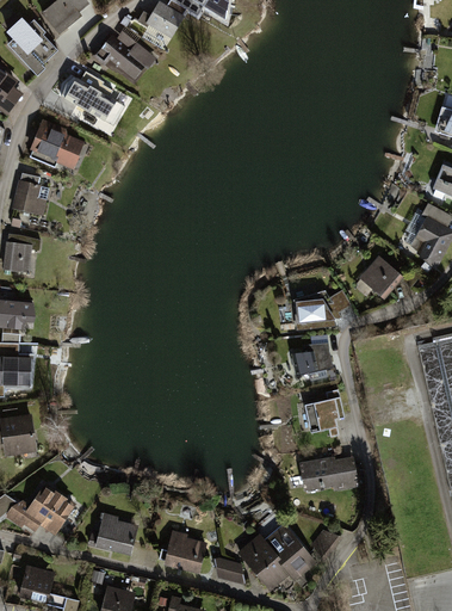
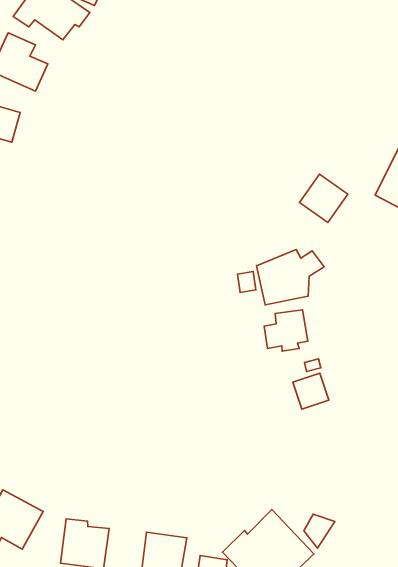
building: [358,255,402,300] -> [300,174,348,222]
building: [301,455,357,490] -> none

